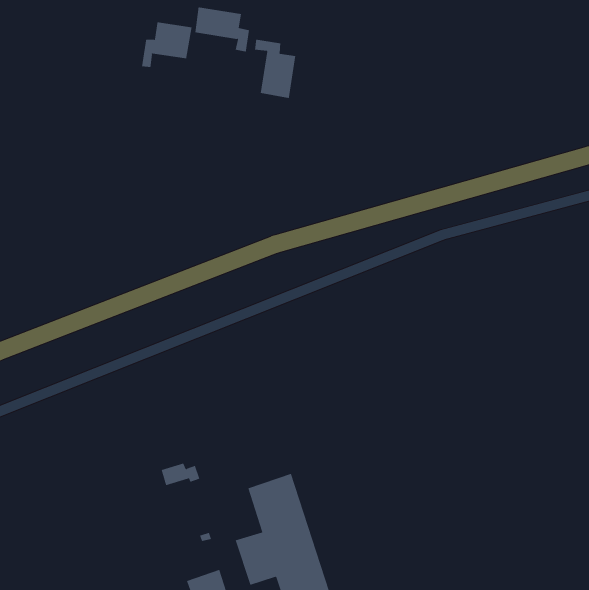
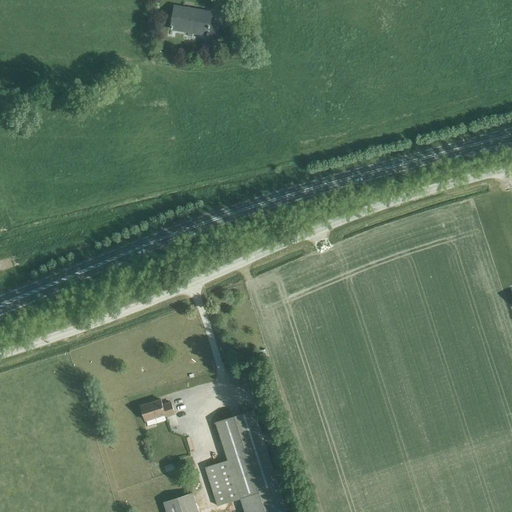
building: [141,21,192,68] -> none
building: [255,39,296,99] -> none

